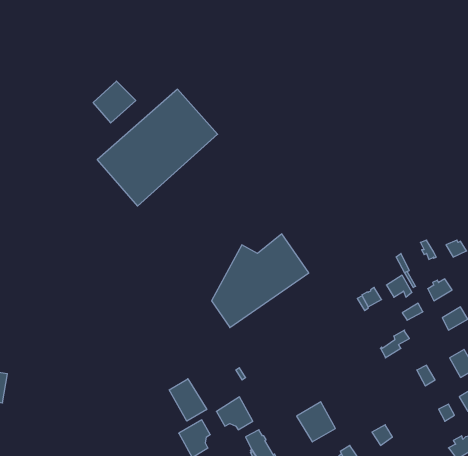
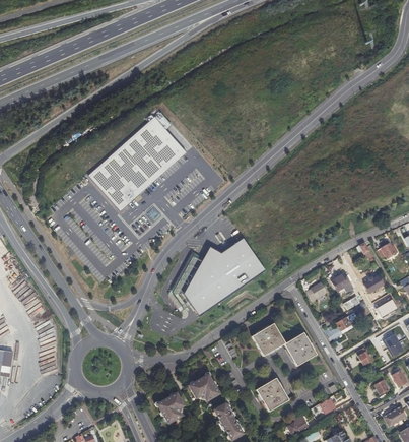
building: [93,81,136,123] -> none
building: none -> [252,323,316,365]
building: [169,379,207,421] -> none

